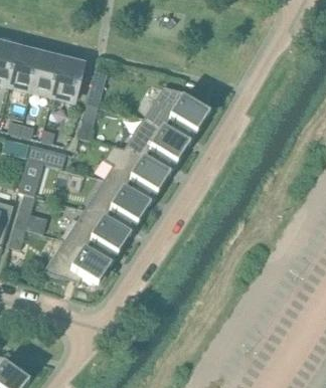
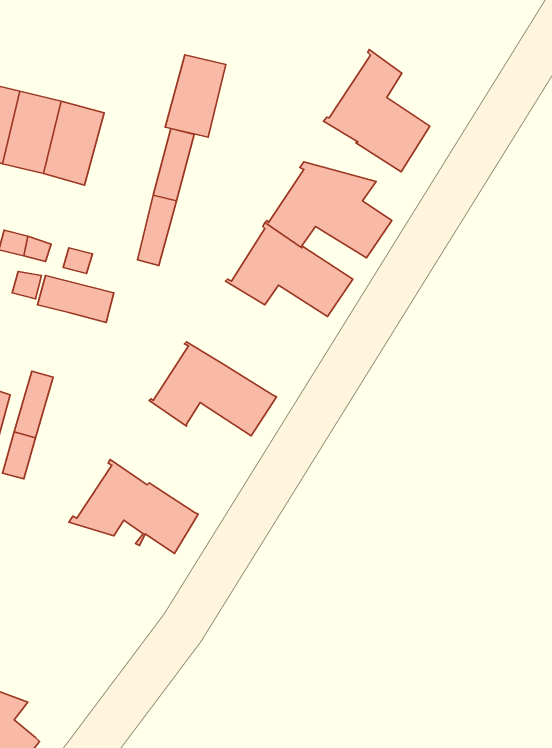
building: none -> [324,50,430,172]
building: [51,60,83,103] -> [165,55,226,137]
building: [104,145,169,195] -> none
building: [19,159,43,192] -> none
building: [64,208,130,256] -> none

